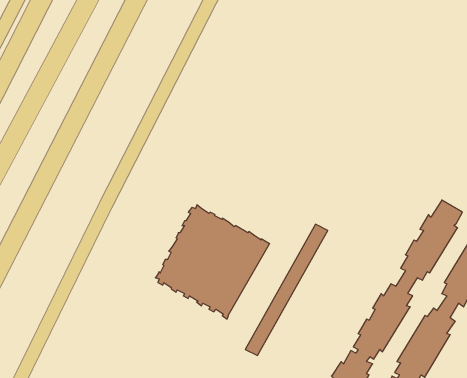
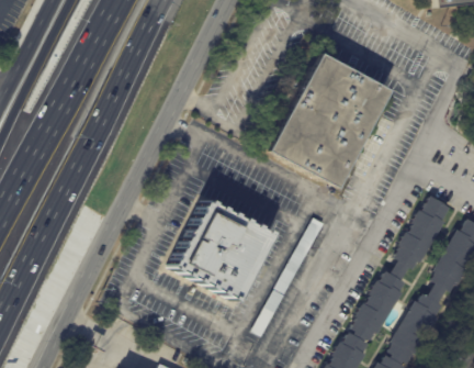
building: none -> [268,53,390,188]

